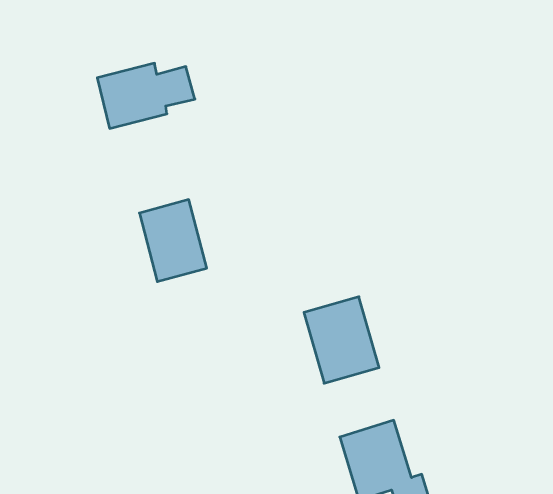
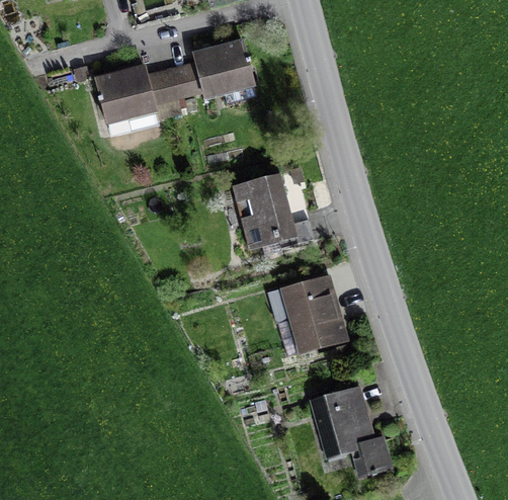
building: none -> [173,39,253,97]
building: [139,200,207,282] -> [234,174,294,248]

